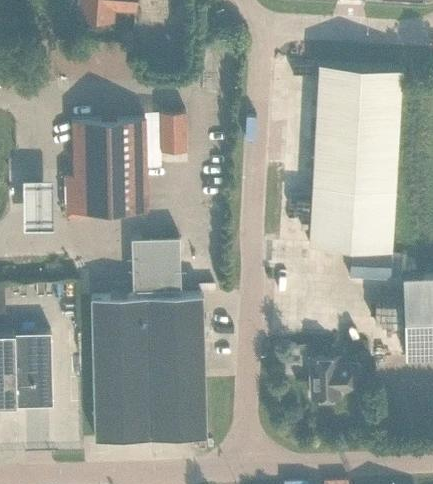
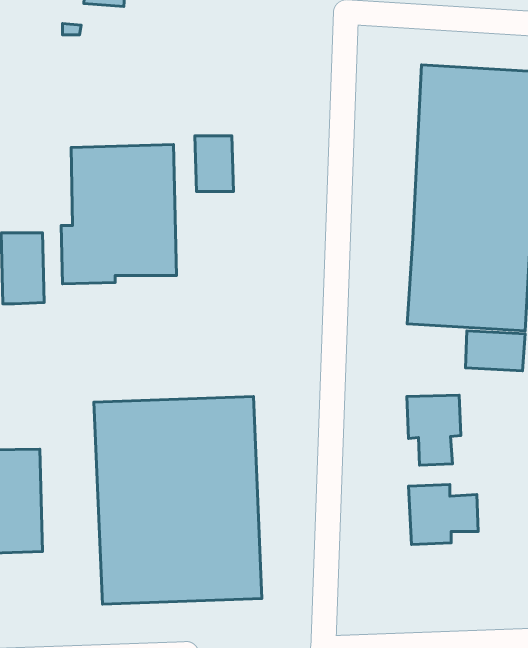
building: [132,240,181,293] -> none
building: none -> [407,395,461,465]

